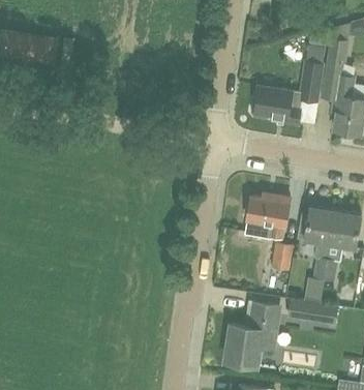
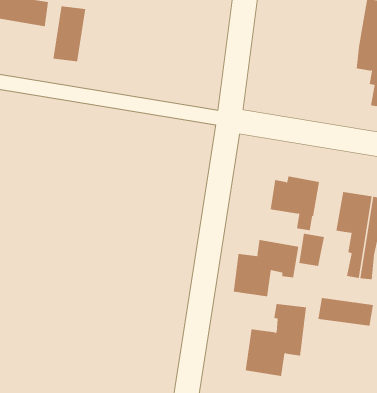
building: none -> [53,5,86,62]
building: [250,46,325,124] -> none
building: none -> [233,239,299,297]

